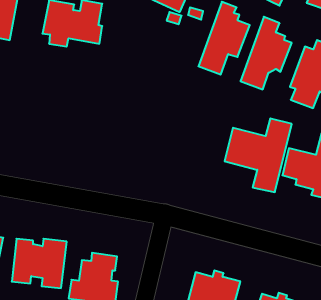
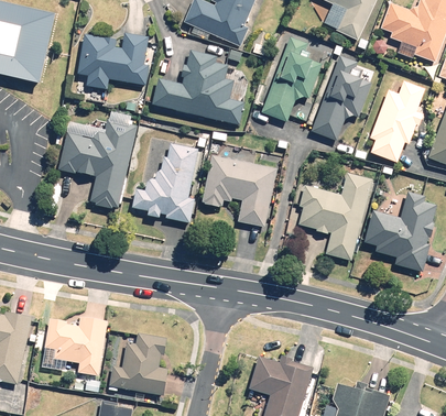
building: none -> [152,51,246,125]
building: none -> [59,111,137,210]
building: none -> [132,145,197,223]
building: none -> [200,156,278,228]

